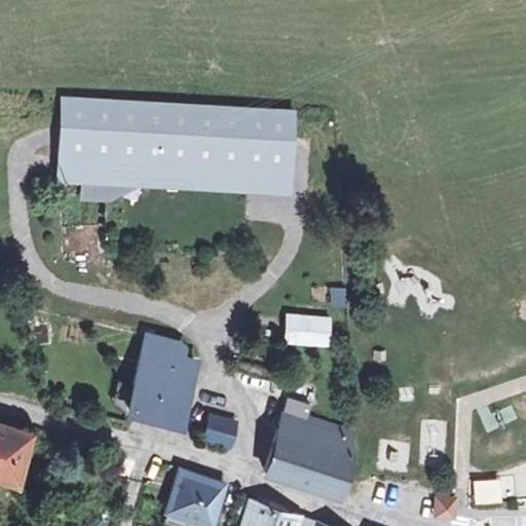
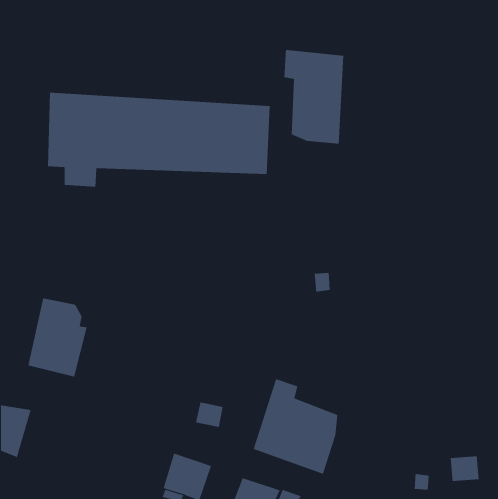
building: none -> [284,49,344,145]
building: [277,312,323,342] -> none
building: [136,339,198,422] -> [28,298,87,377]

